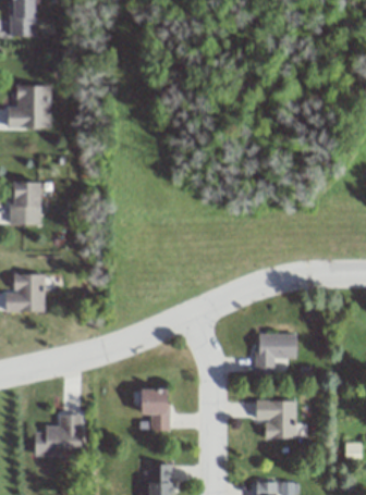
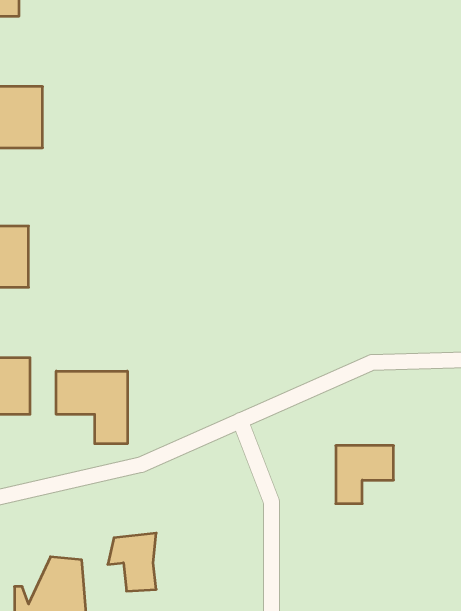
building: none -> [56,371,127,444]
building: [138,391,172,431] -> [108,533,156,591]
building: [256,400,295,437] -> none

